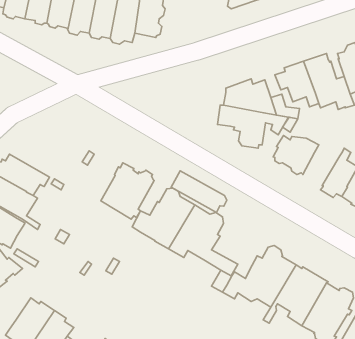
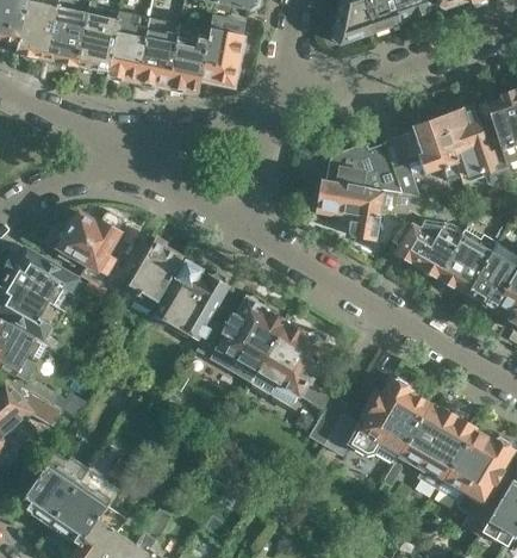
building: none -> [58,210,124,285]
building: none -> [438,227,494,292]
building: none -> [116,241,181,318]
building: [171,171,227,212] -> none

